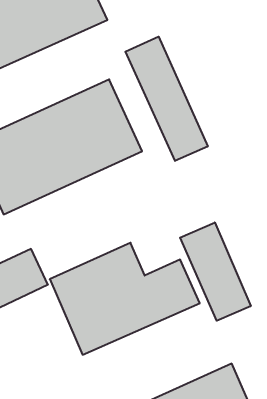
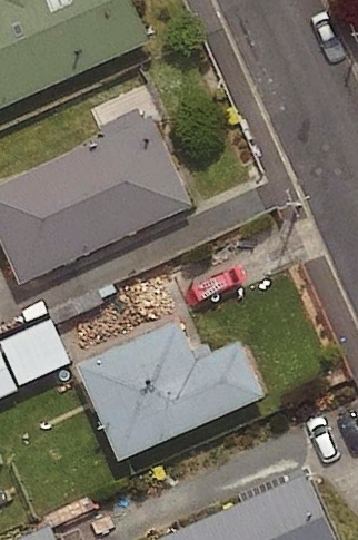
building: [125,37,208,161] -> none
building: [180,222,251,321] -> none

